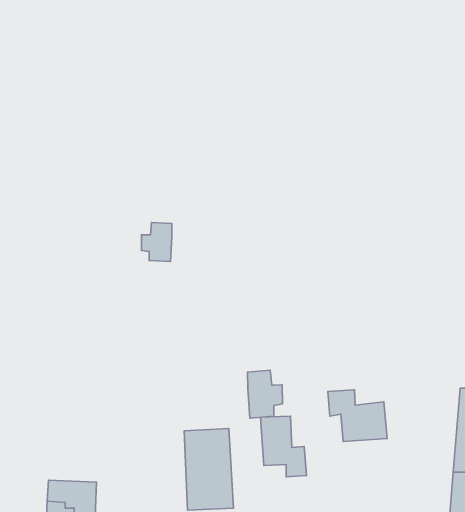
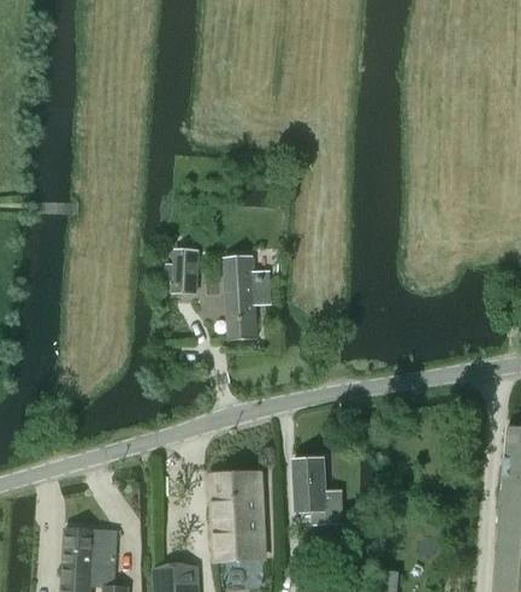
building: none -> [224,257,268,339]
building: [247,370,283,418] -> none
building: [328,390,387,441] -> none

